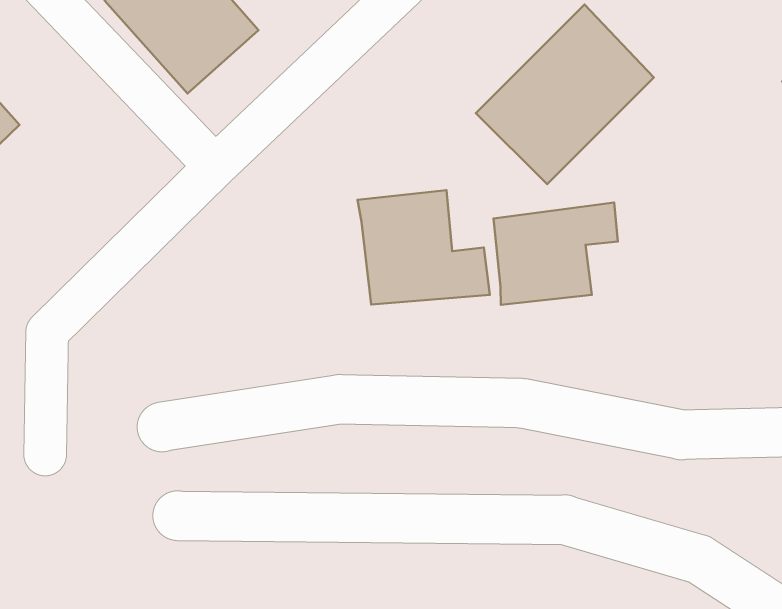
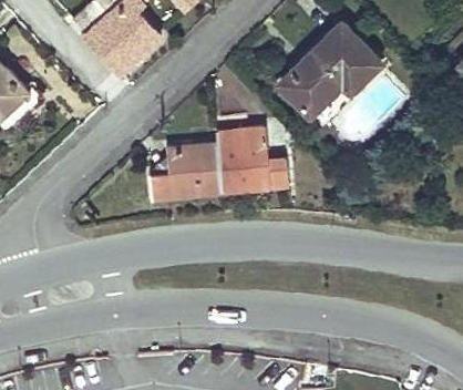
building: [494,202,618,305] -> none
building: none -> [150,146,222,199]

